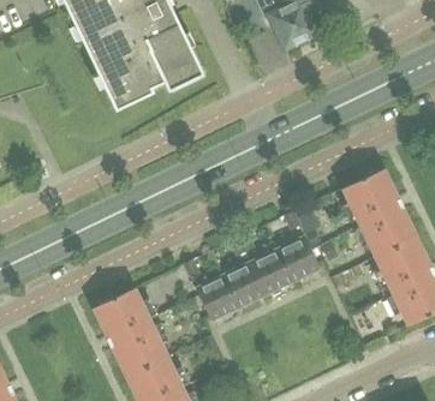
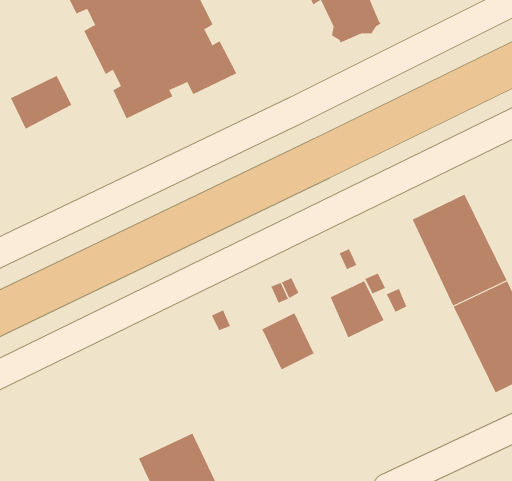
building: none -> [10,75,72,130]
building: [250,250,292,294] -> none
building: [196,275,239,321] -> none
building: [94,287,169,377] -> none

